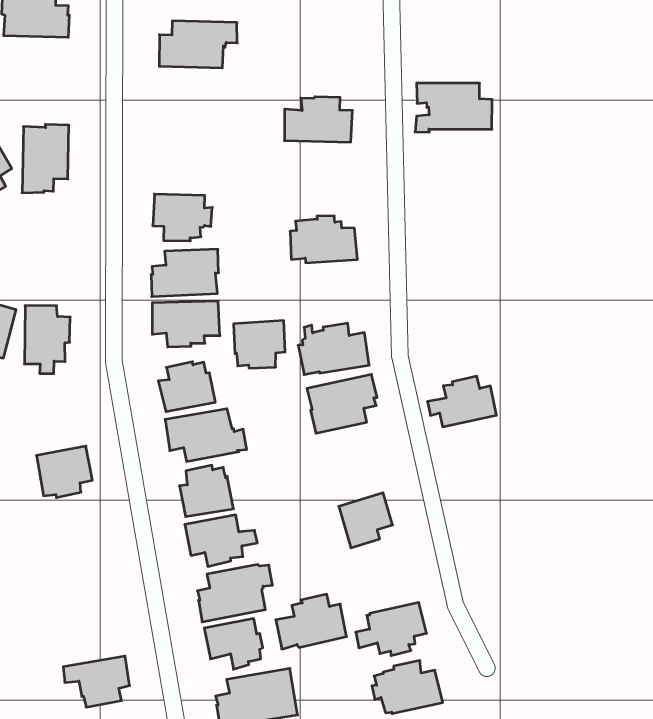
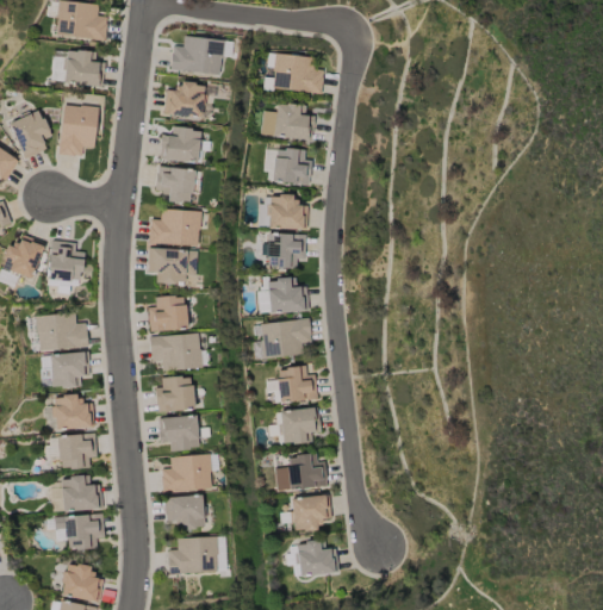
building: none -> [64,50,105,87]
building: none -> [163,81,206,120]
building: [415,83,492,132] -> [262,52,323,93]
building: none -> [160,126,211,163]
building: none -> [263,149,312,185]
building: [234,321,285,368] -> [267,234,306,269]
building: [427,376,496,427] -> [266,366,317,402]
building: none -> [35,312,88,350]
building: none -> [52,393,94,430]
building: none -> [45,432,98,469]
building: [276,594,347,649] -> [275,453,328,491]
building: none -> [61,475,102,512]

